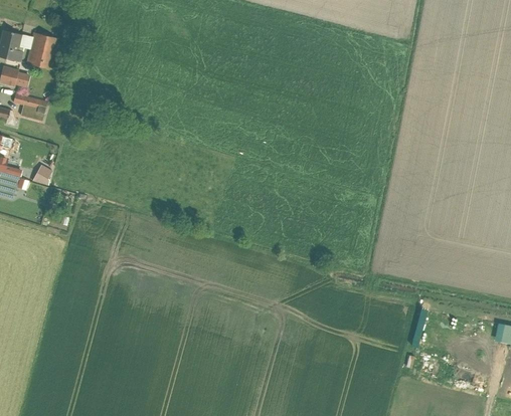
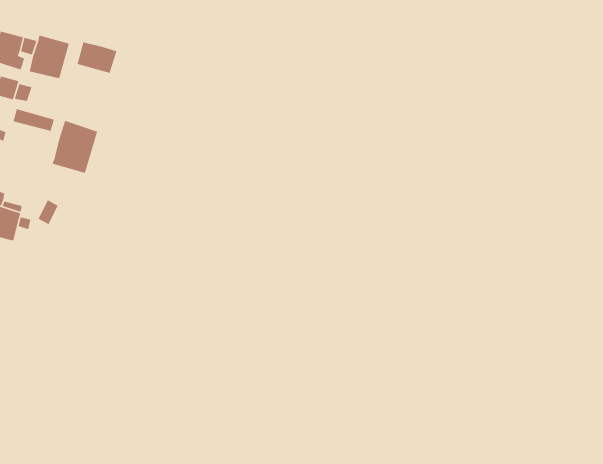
building: none -> [76,41,117,74]
building: none -> [51,120,98,174]

